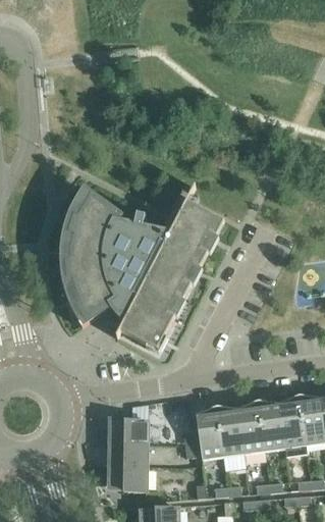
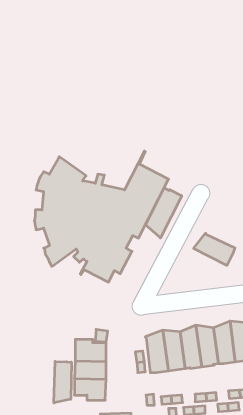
building: none -> [145,188,182,238]
building: none -> [194,233,235,265]
building: none -> [54,361,71,403]

